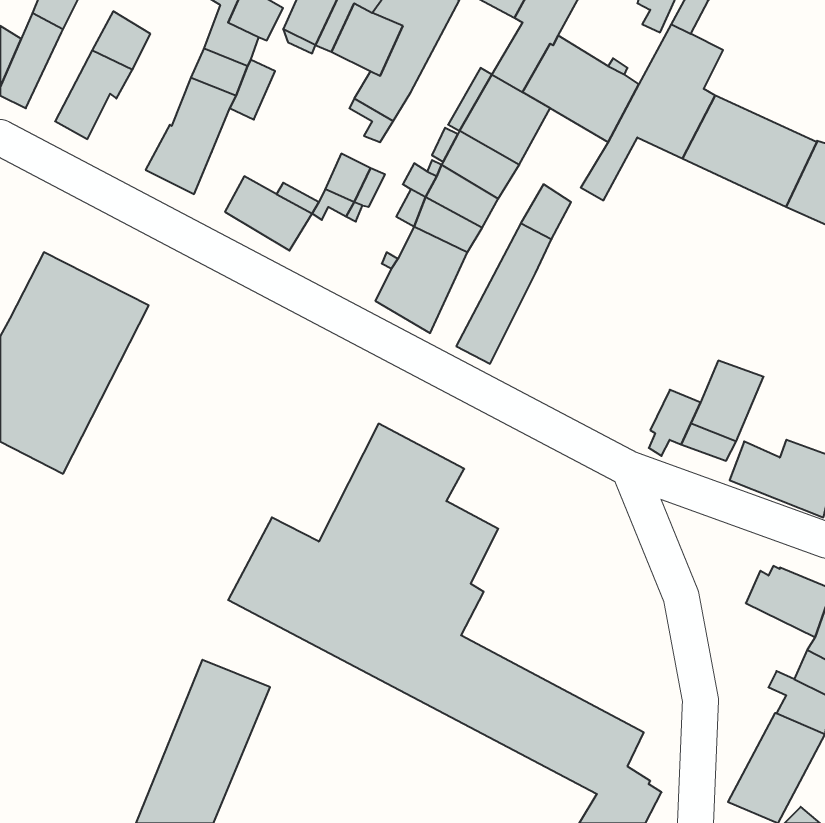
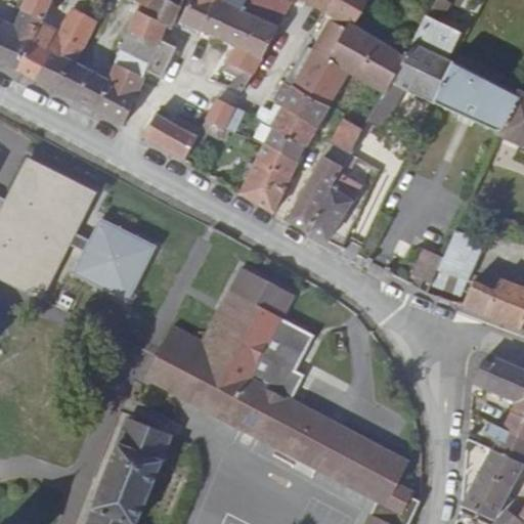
building: none -> [17,20,59,77]
building: none -> [56,59,108,107]
building: none -> [311,173,363,241]
building: none -> [72,214,159,304]

